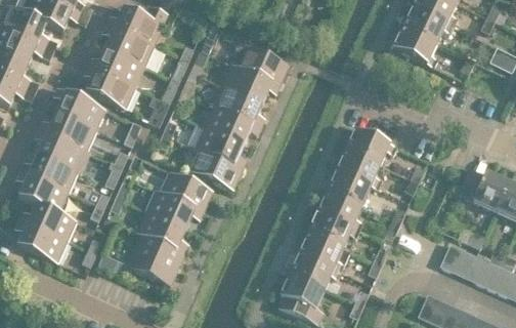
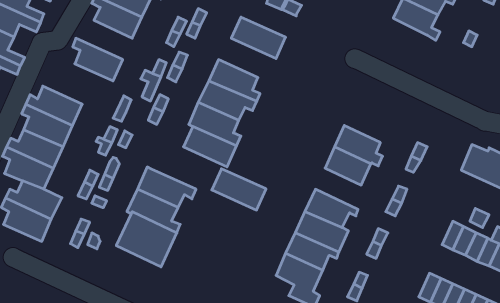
building: [87,49,141,87] -> none
building: [224,66,280,105] -> none
building: [53,88,102,130] -> none
building: [345,128,398,167] -> none
building: [160,172,212,212] -> [212,169,266,210]
building: [317,192,362,232] -> none

